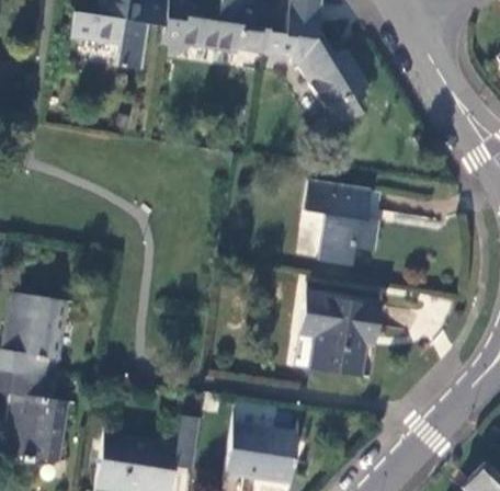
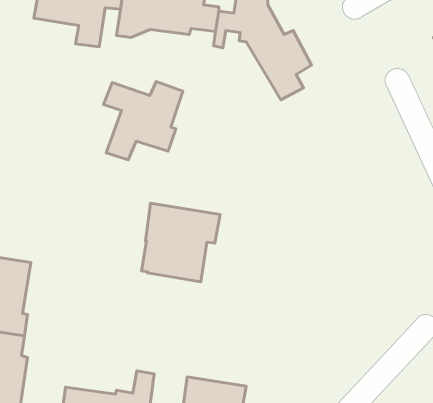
building: none -> [104,82,183,160]
building: [303,182,380,262] -> none
building: [294,290,378,375] -> [141,203,220,282]

